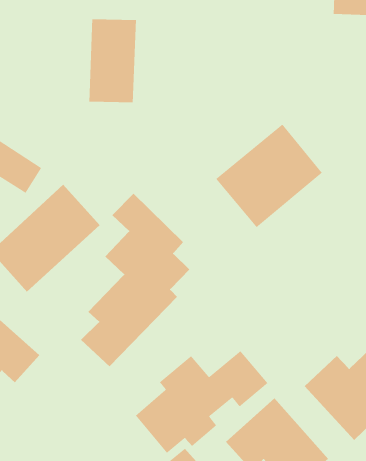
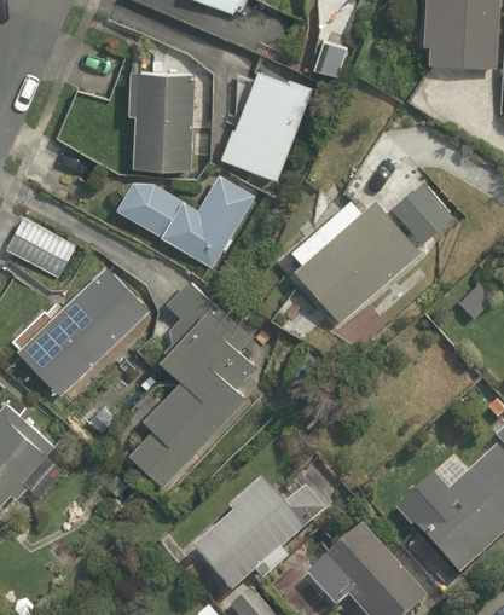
building: none -> [221,66,314,181]
building: none -> [117,169,259,271]
building: none -> [393,181,457,245]

